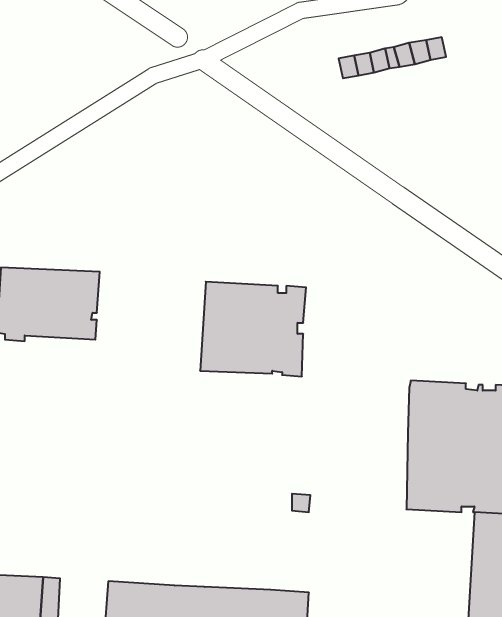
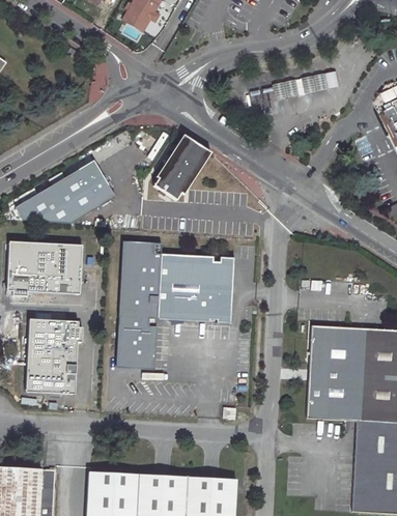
building: none -> [153,136,211,201]
building: none -> [15,162,114,224]
building: none -> [116,239,161,368]
building: none -> [25,318,83,395]

